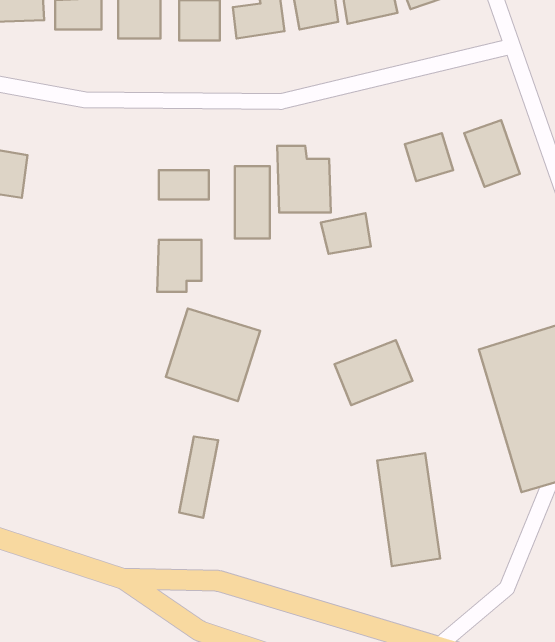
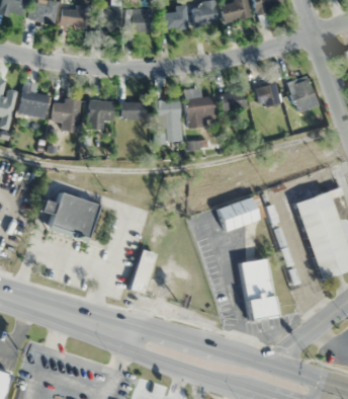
building: none -> [53,99,81,130]
building: [321,213,371,254] -> [220,90,247,112]
building: [157,240,201,292] -> [89,100,113,129]
building: [166,309,260,401] -> [47,191,98,242]

